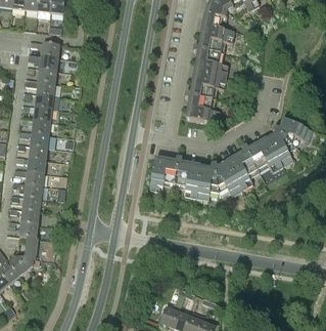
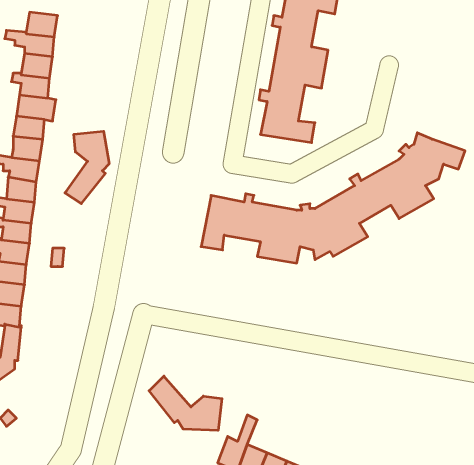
building: none -> [65,131,109,204]
building: none -> [149,376,222,430]

